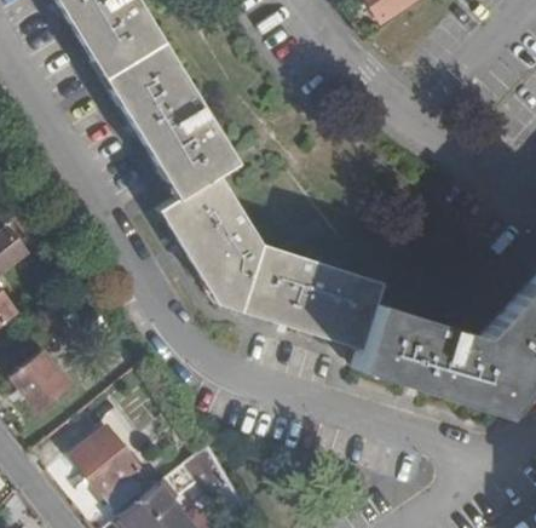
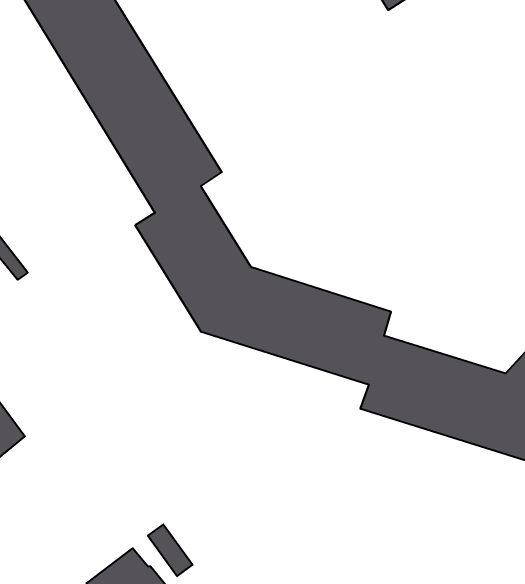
building: [74,427,144,512] -> none

